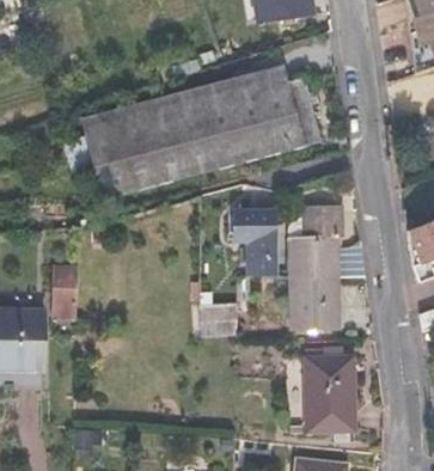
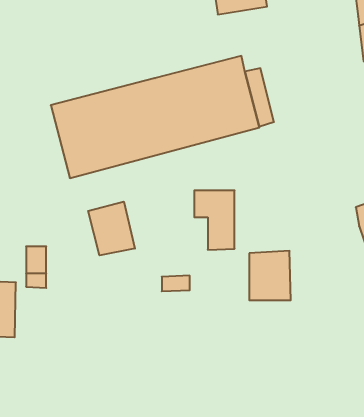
building: [291,209,340,277] -> none
building: none -> [88,202,135,255]
building: [305,356,353,430] -> none

